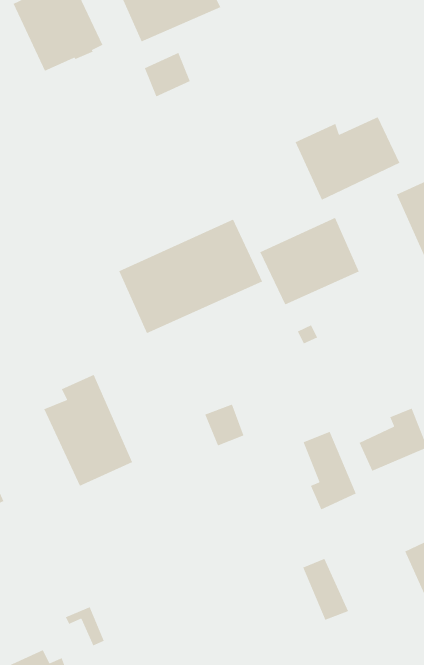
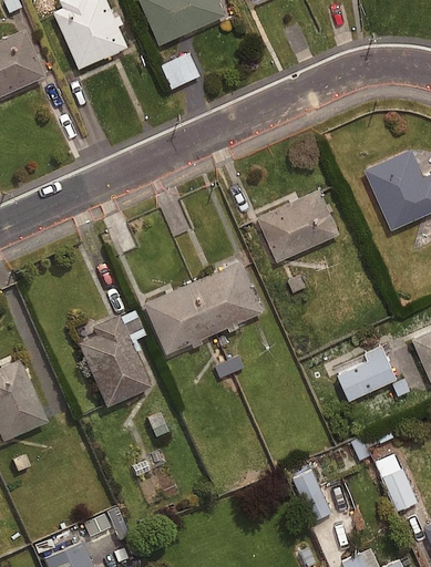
building: [294,116,400,201] -> none
building: [118,219,263,334] -> [144,259,264,354]
building: [302,431,357,511] -> none

